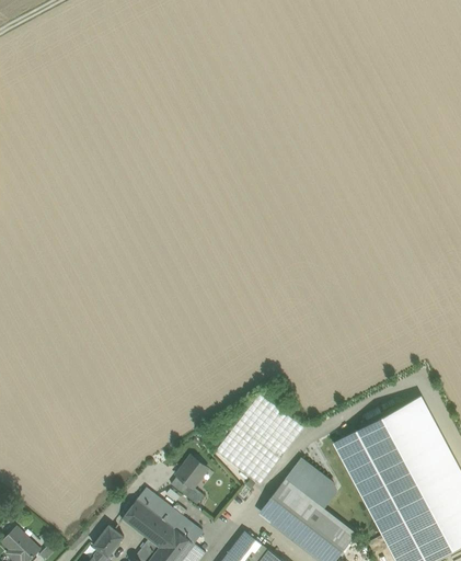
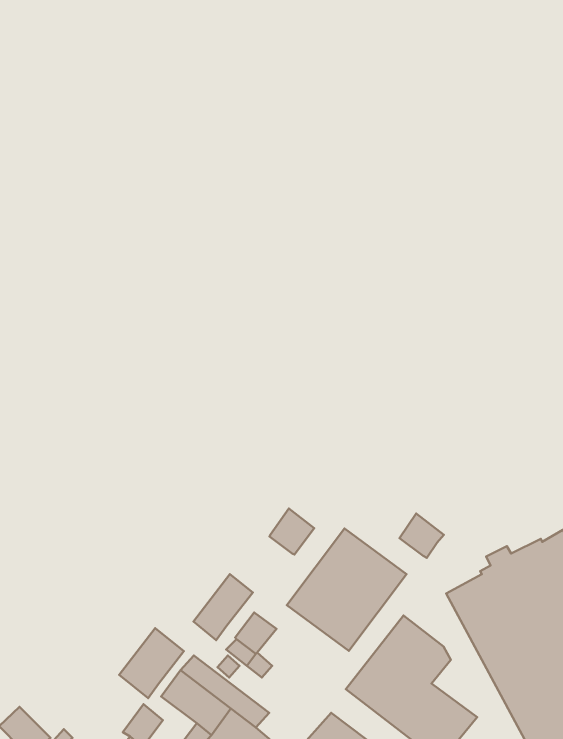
building: none -> [270,508,314,555]
building: none -> [399,513,444,558]
building: none -> [194,574,253,640]
building: none -> [119,628,184,698]

